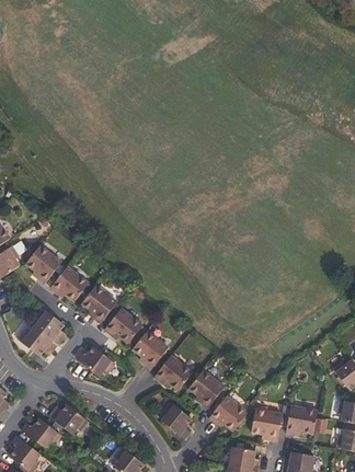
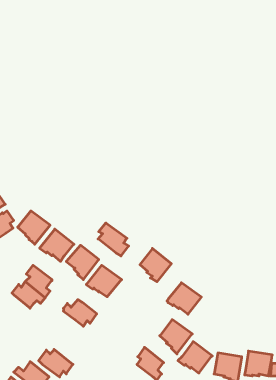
building: none -> [98,223,129,256]
building: [131,330,168,368] -> [140,248,171,282]
building: [153,355,193,391] -> [167,283,201,314]

